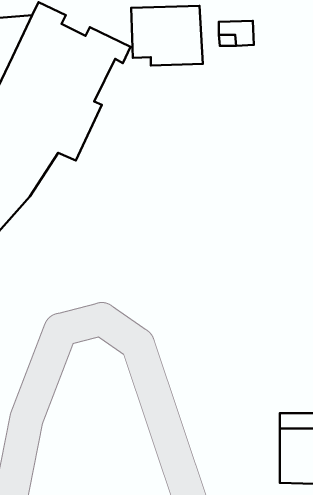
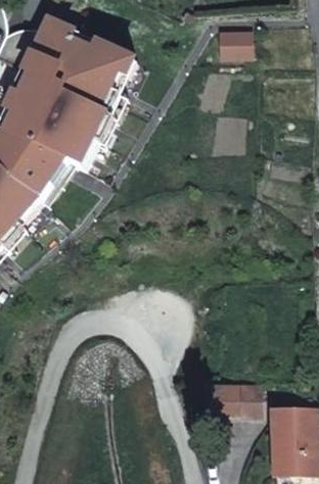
building: [131,6,203,66] -> none
building: none -> [216,380,265,414]

